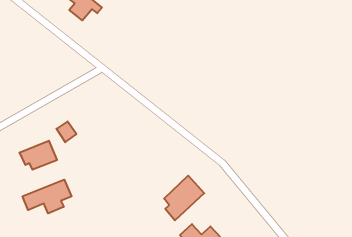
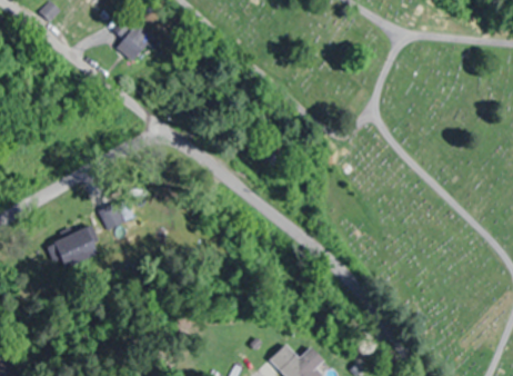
building: [164,176,204,220] -> none
building: [23,180,72,213] -> none

